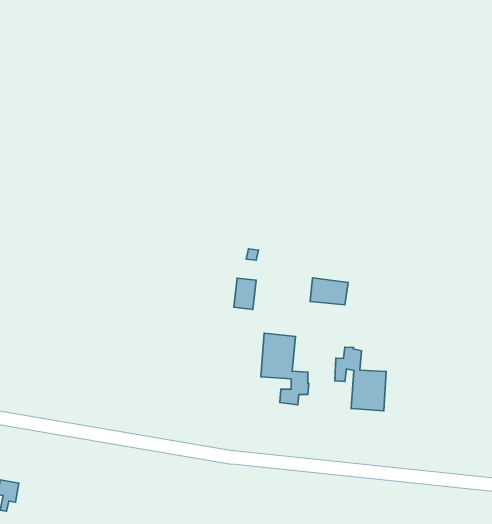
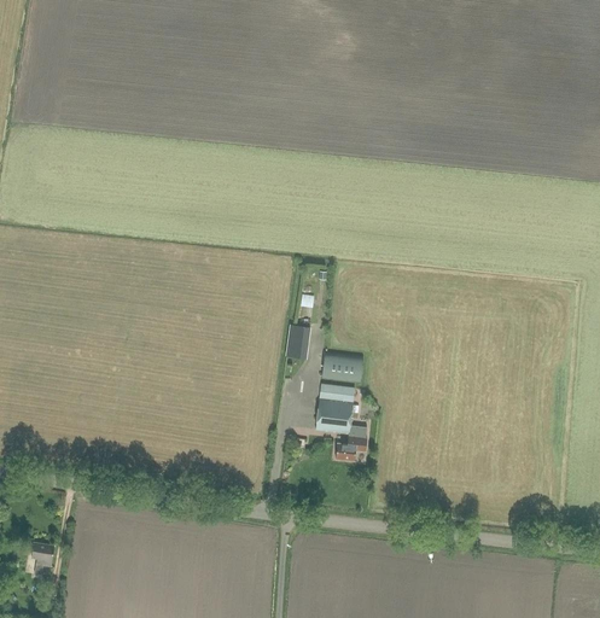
building: [310,278,348,305] -> [322,352,363,381]
building: [335,347,386,411] -> none

